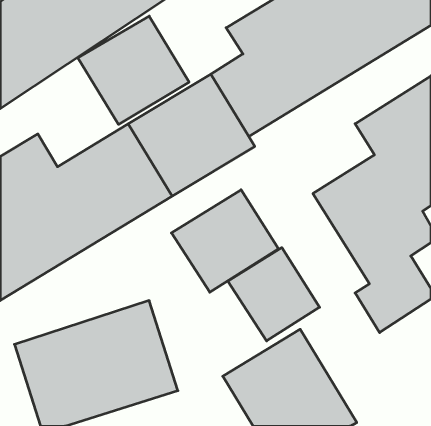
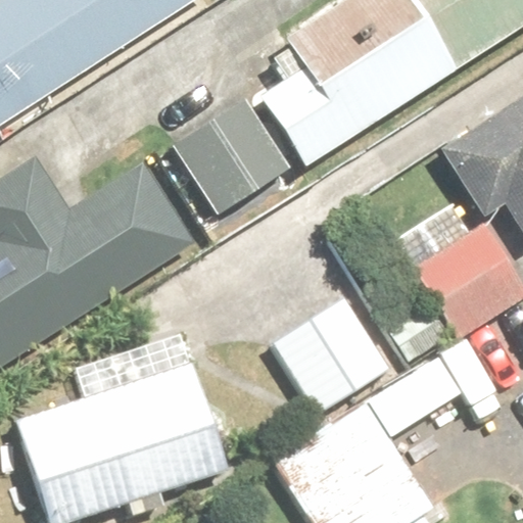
building: [78,16,189,124] -> none
building: [171,190,278,292] -> none

